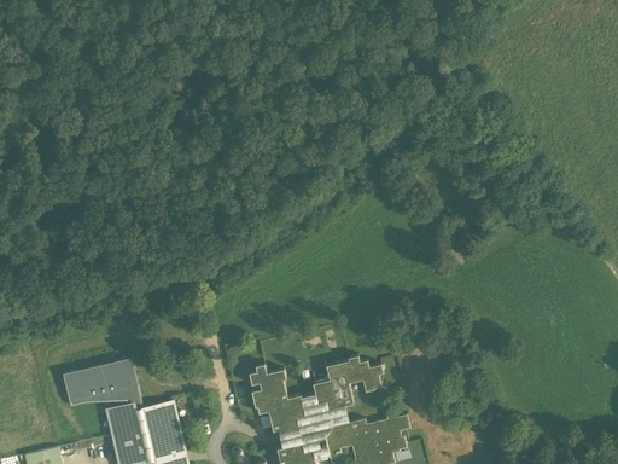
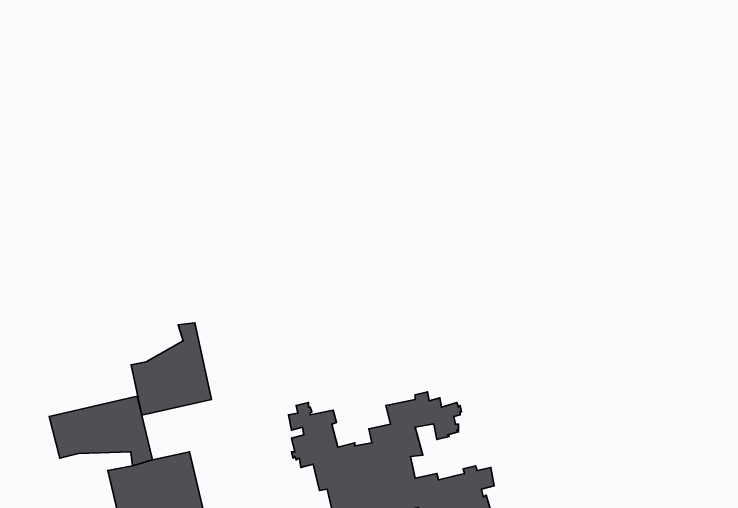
building: none -> [131,323,212,415]

